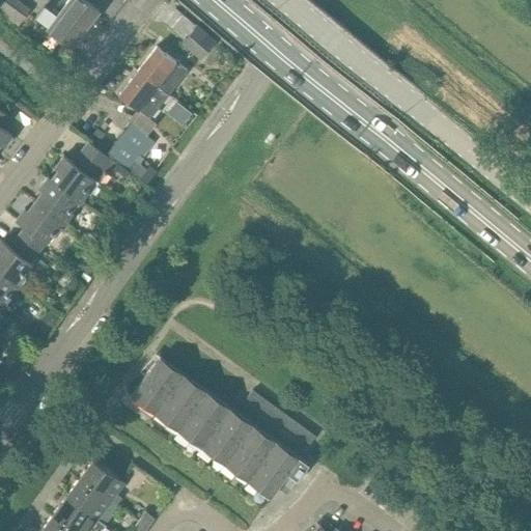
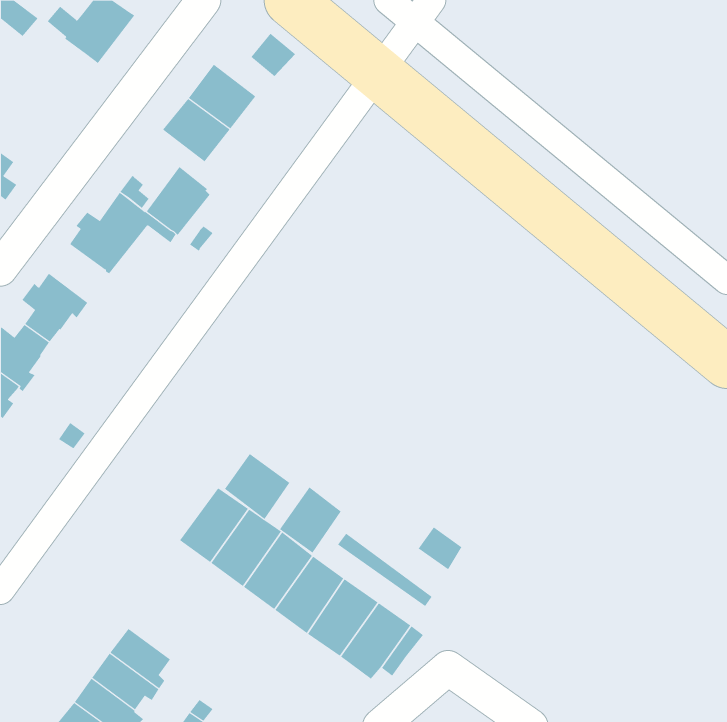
building: [35,178,77,224] -> none
building: none -> [224,453,290,520]
building: none -> [279,486,342,553]
building: none -> [418,526,462,570]

